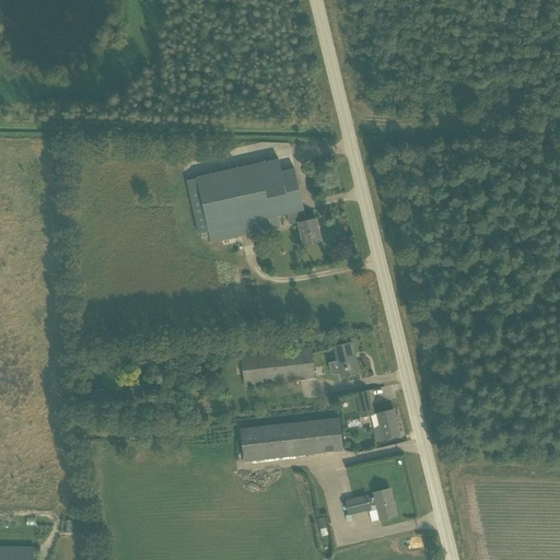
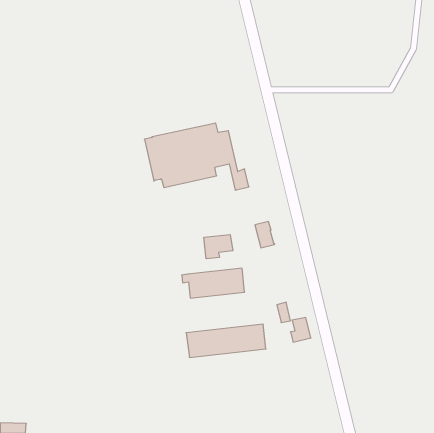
building: none -> [204,235,233,259]
building: [334,342,359,376] -> [255,222,275,248]
building: [346,489,396,520] -> none

